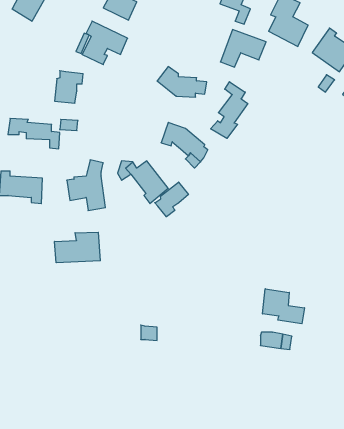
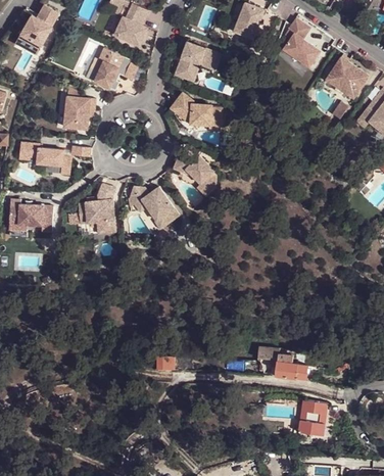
building: [220,30,266,67] -> [173,41,219,79]
building: [211,82,248,138] -> none
building: [155,182,188,217] -> none
building: [55,232,100,263] -> none
building: [263,289,304,324] -> none
building: none -> [297,399,328,435]

